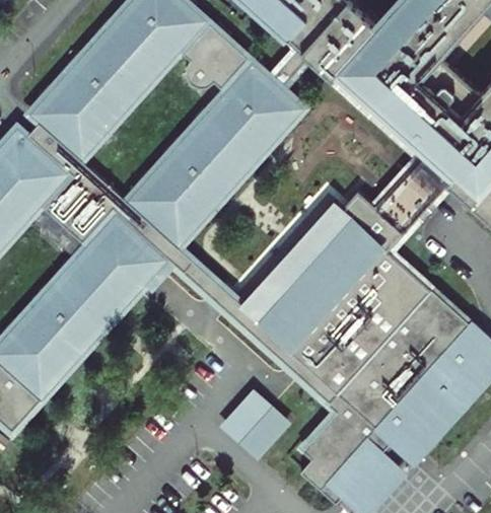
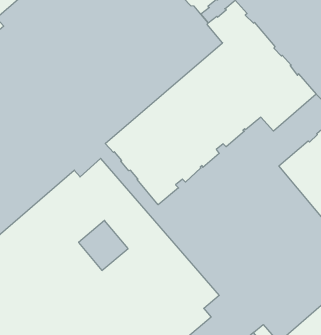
building: [229,390,289,450] -> [79,220,128,270]

